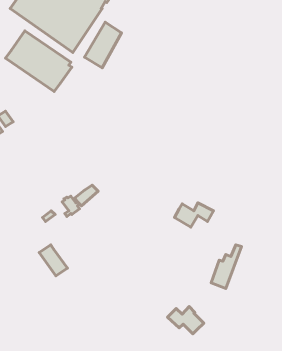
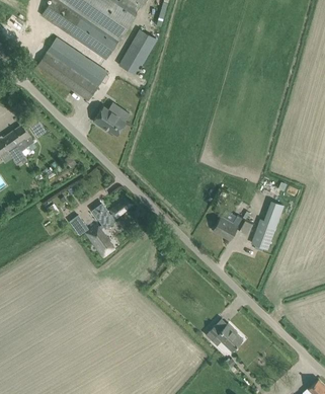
building: none -> [92,106,126,136]
building: [39,245,67,276] -> [85,225,114,257]
building: [211,245,242,289] -> [251,204,282,249]

